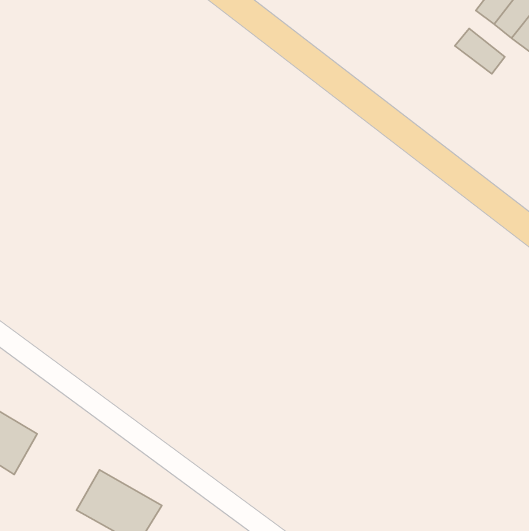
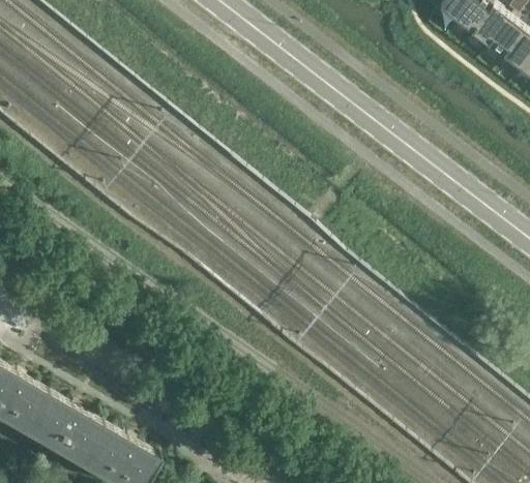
building: [455,28,505,74] -> none
building: none -> [25,394,101,462]

